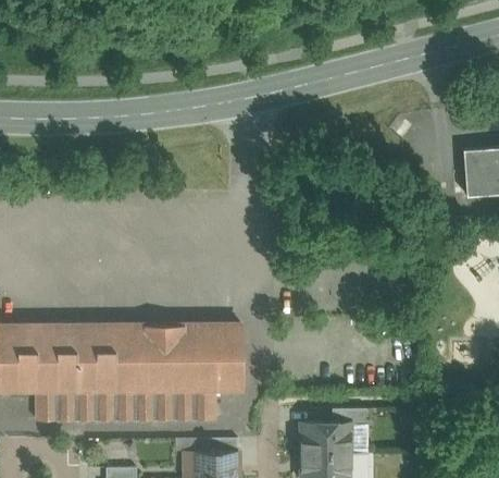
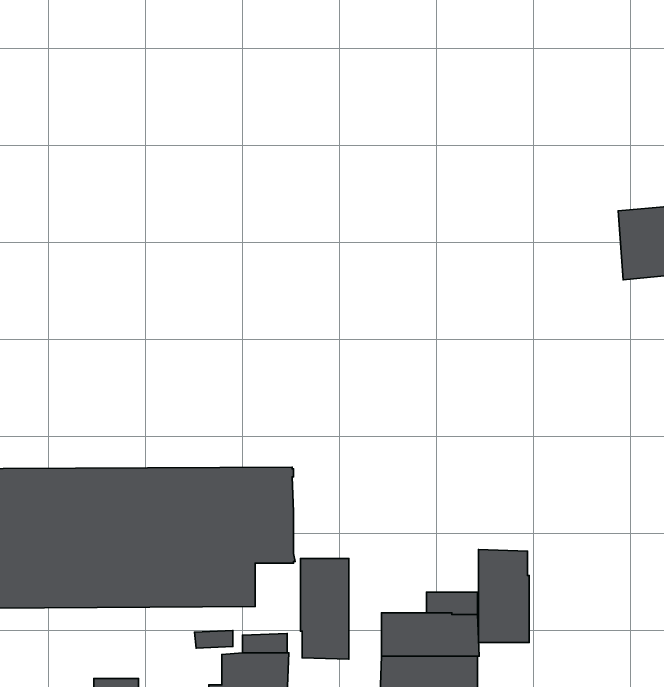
building: none -> [479,550,529,643]
building: none -> [300,558,349,659]

